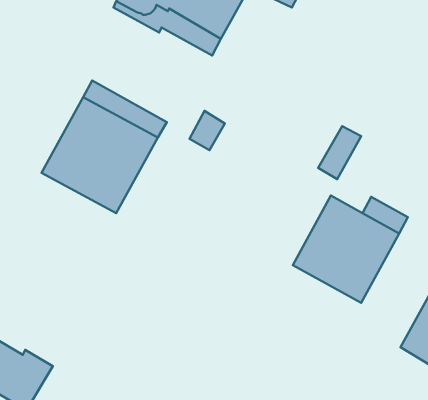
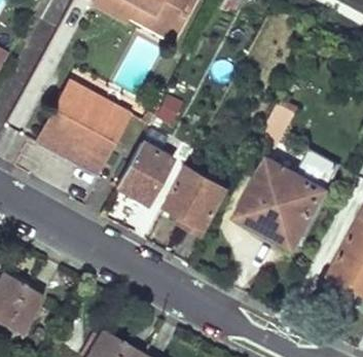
building: none -> [117,142,172,203]
building: none -> [168,168,228,234]

